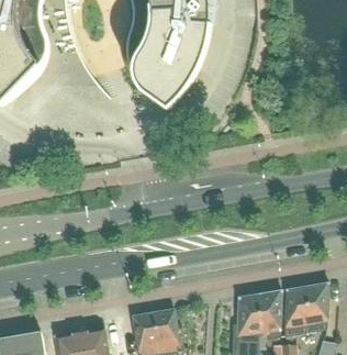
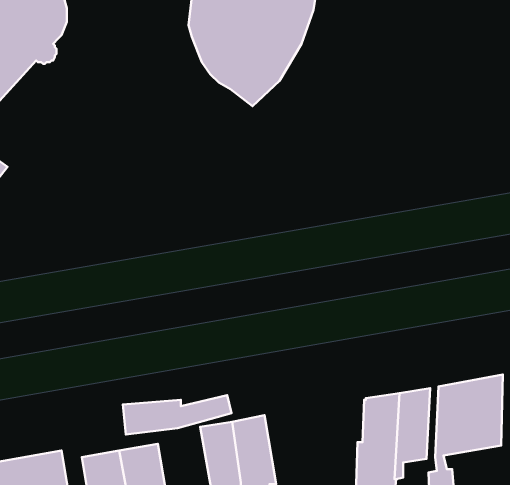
building: none -> [123,395,232,434]

